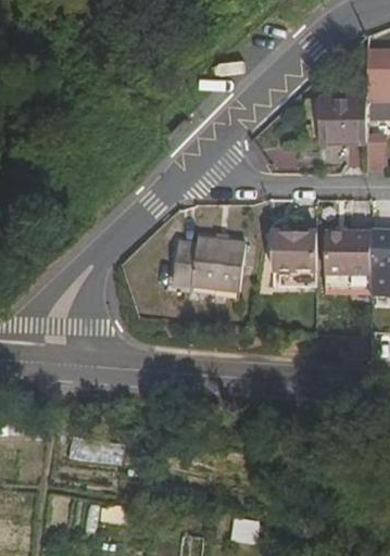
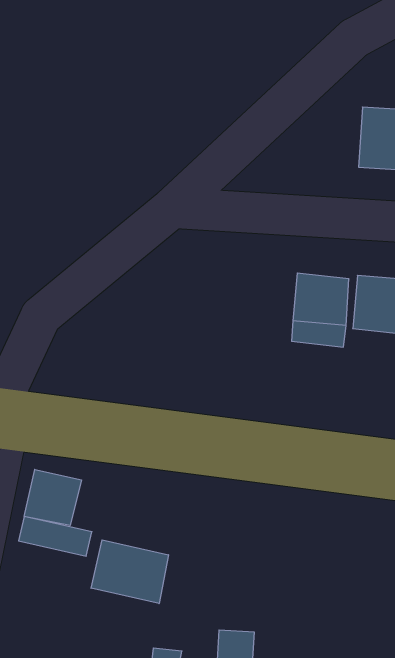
building: [175,238,246,290] -> none
building: none -> [24,469,81,525]
building: none -> [91,540,168,604]

